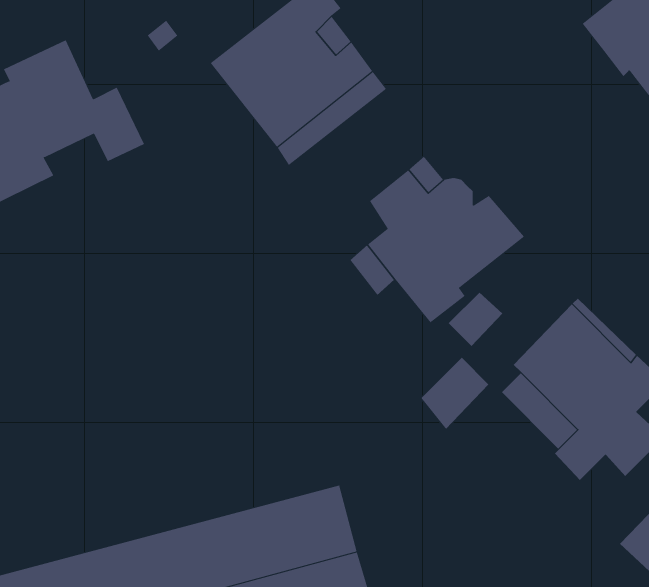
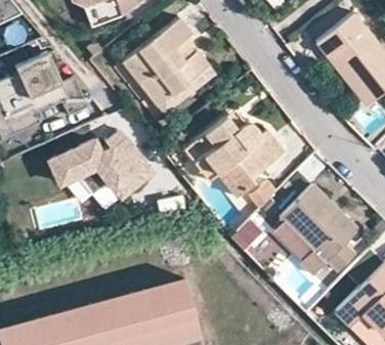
building: none -> [51,134,156,203]

